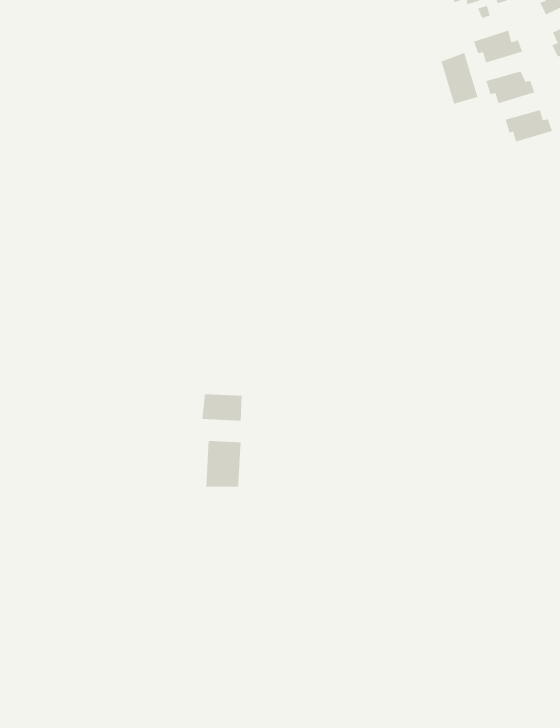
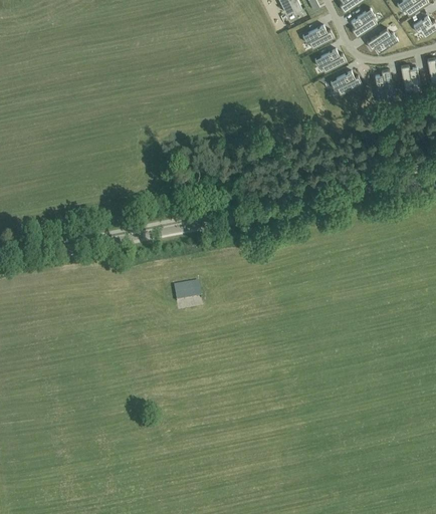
building: [441,52,478,105] -> none
building: [206,440,241,488] -> none

